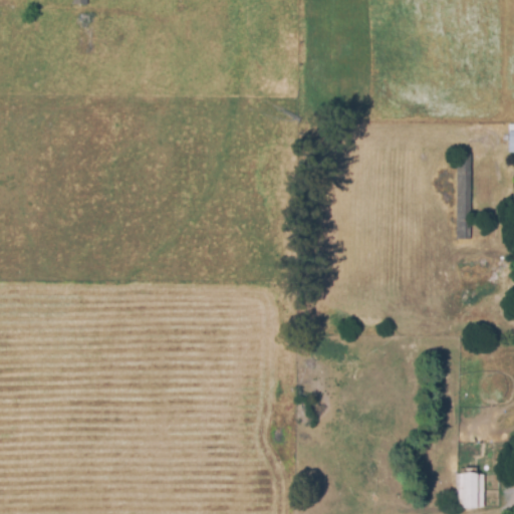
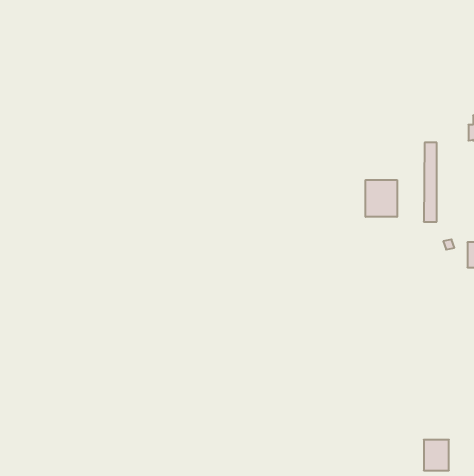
building: none -> [366,180,397,217]

